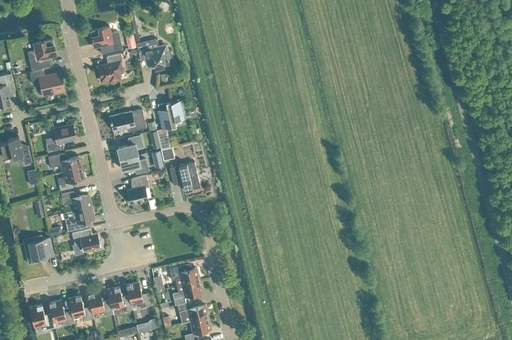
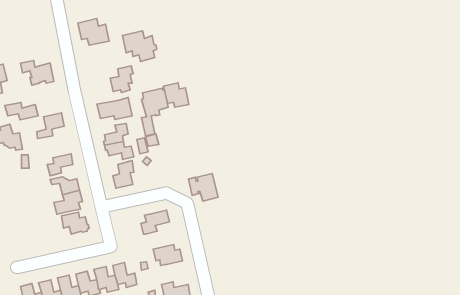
building: [27,39,56,70] -> none
building: [98,54,122,82] -> [110,66,133,93]
building: none -> [164,83,189,107]
building: [47,154,82,172] -> [5,103,38,120]
building: [169,162,200,191] -> [188,173,218,201]
building: [23,235,53,264] -> none
building: [172,280,202,305] -> [141,210,169,234]

